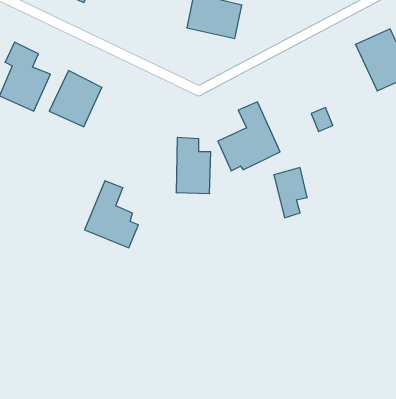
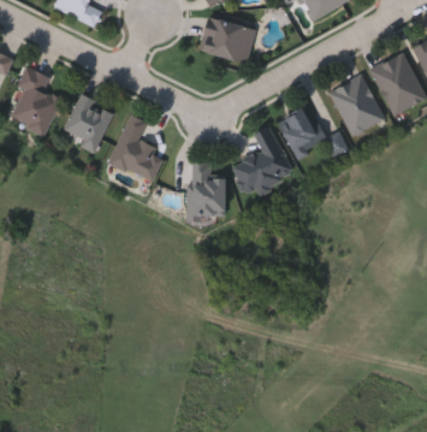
building: none -> [330,75,384,135]
building: [274,168,307,218] -> [280,110,314,160]
building: [85,181,138,248] -> [108,114,162,182]

